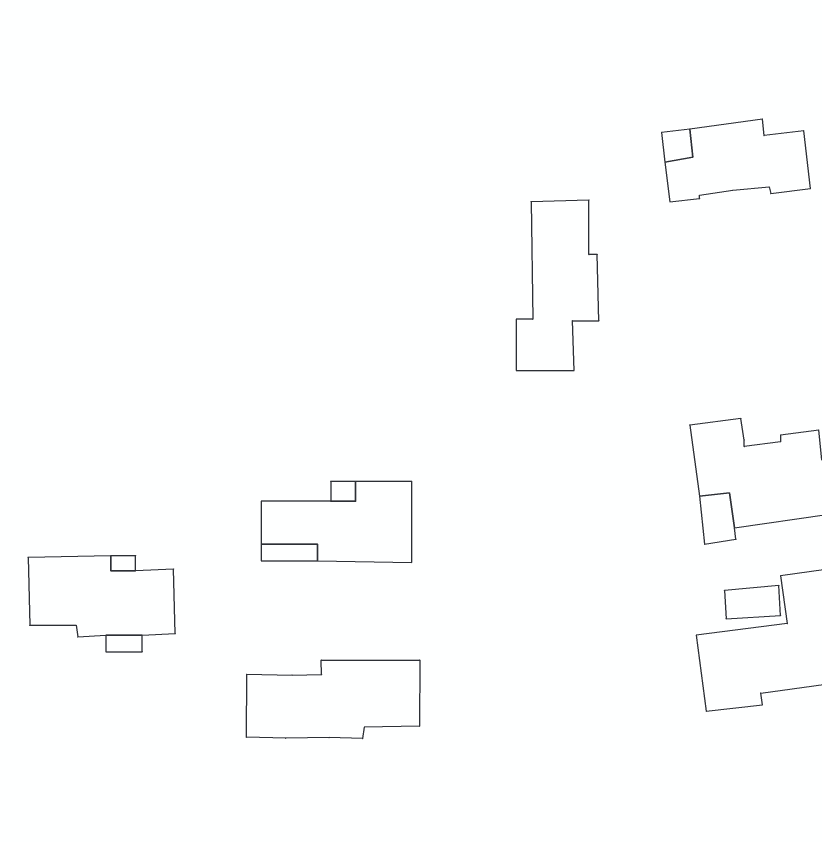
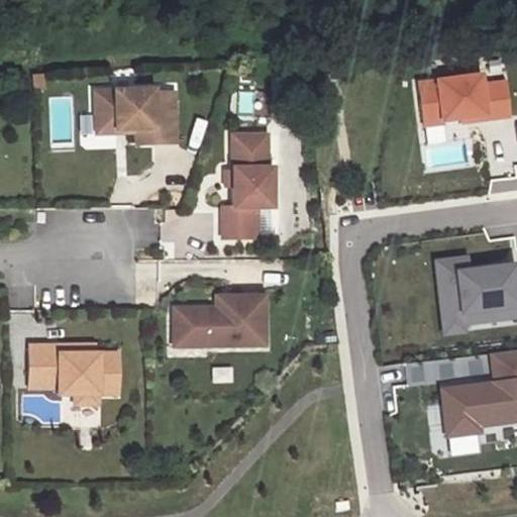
building: none -> [96,89,175,142]
building: [516,200,599,370] -> [222,132,273,236]
building: [246,660,420,739] -> none

